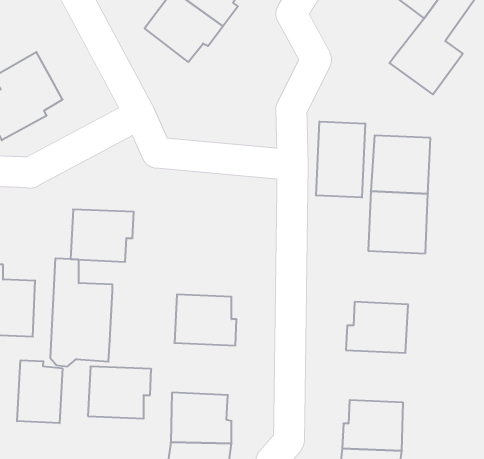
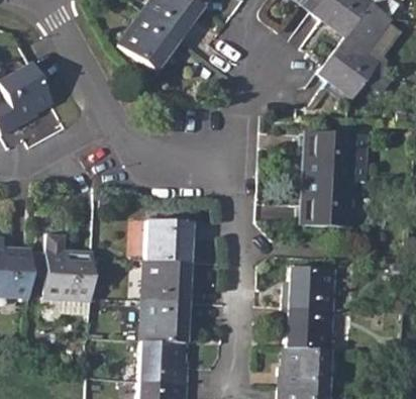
building: [316,121,365,198] -> none
building: [71,209,134,262] -> [145,219,197,262]
building: none -> [282,305,331,347]
building: [17,360,62,423] -> none
building: [88,366,151,419] -> [141,299,193,341]

